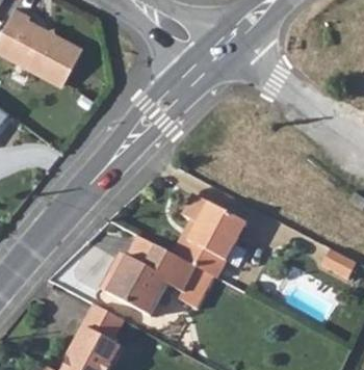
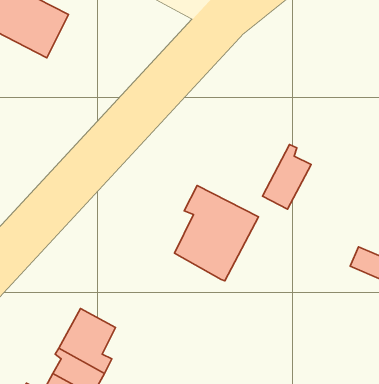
building: none -> [263,144,311,209]
building: [107,239,214,318] -> none

